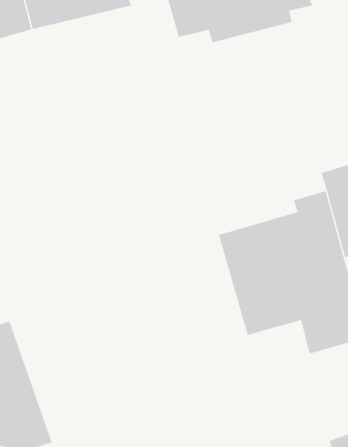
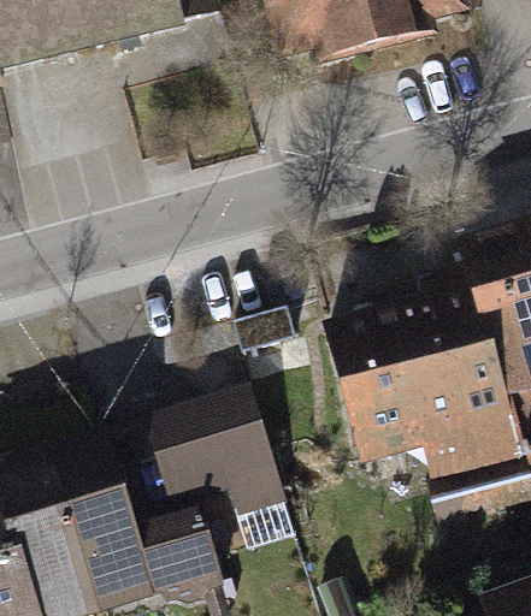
building: none -> [152,384,285,514]
building: none -> [52,424,228,609]

